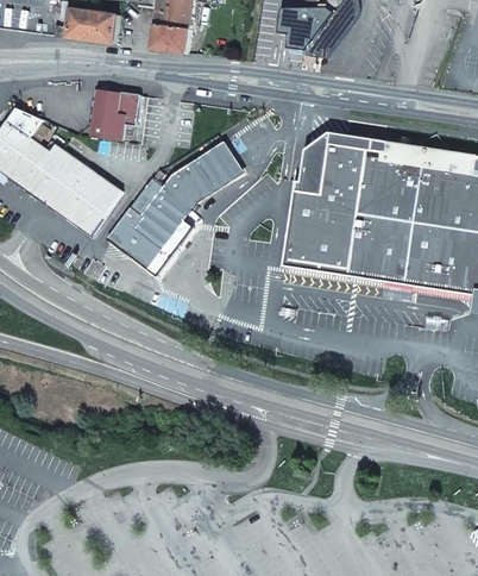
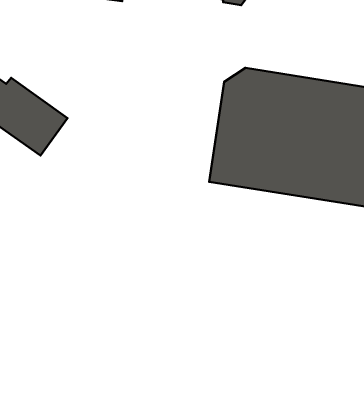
building: [92,88,140,139] -> none
building: [107,144,235,274] -> none

